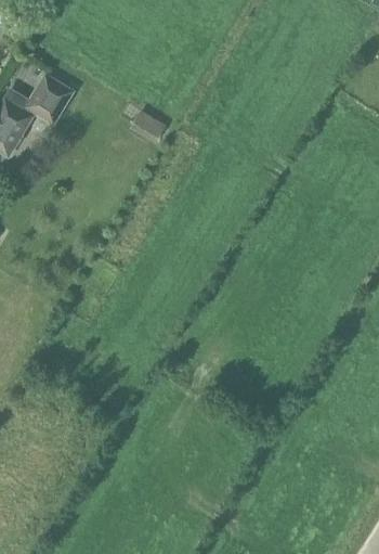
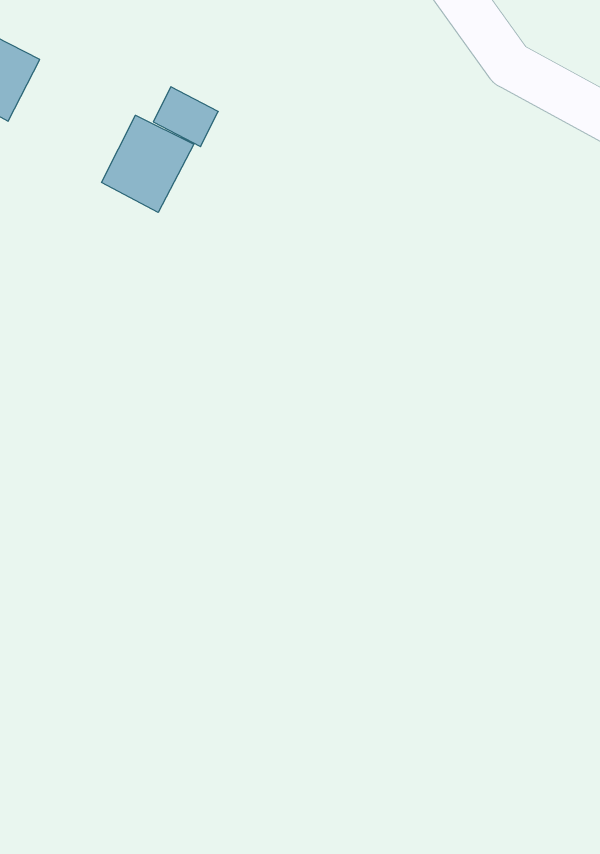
building: none -> [102,115,194,212]

